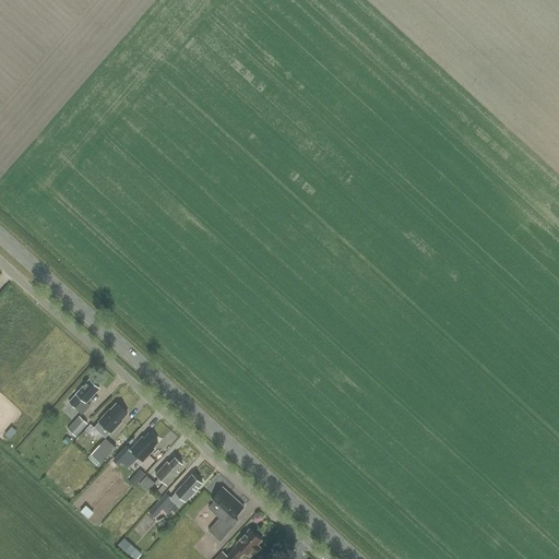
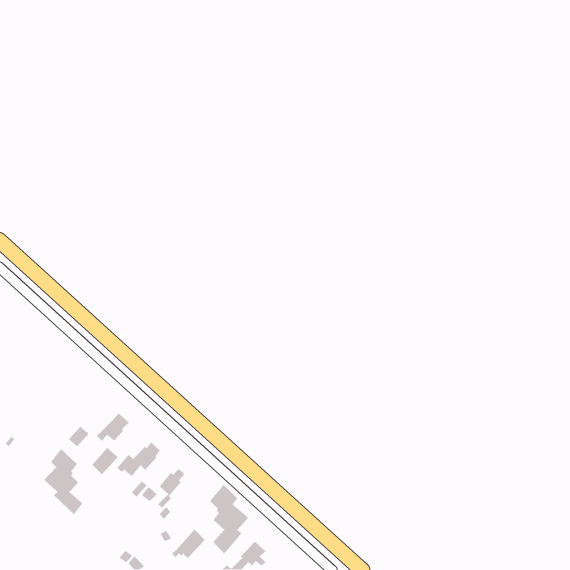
building: [69,379,99,413] -> none
building: none -> [43,448,83,515]
building: [169,473,203,502] -> [171,529,206,559]

